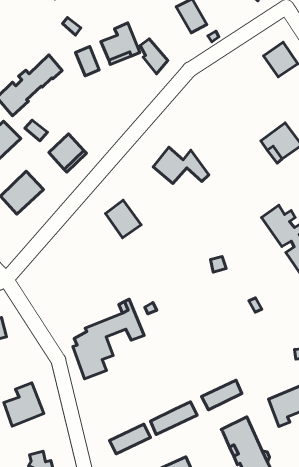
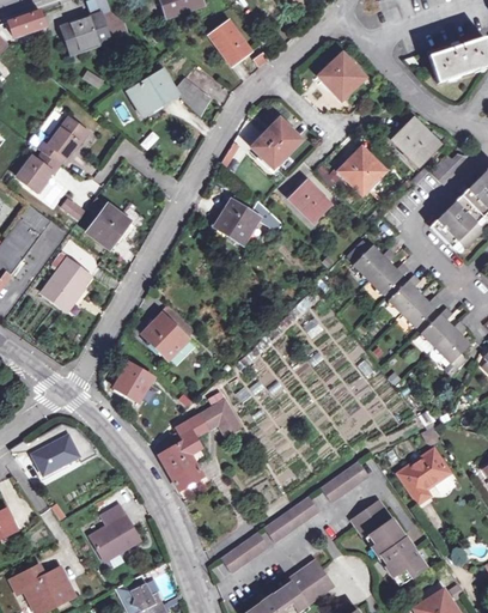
building: [76,46,99,76] -> none
building: none -> [251,119,300,168]
building: none -> [286,181,330,223]
building: [105,200,141,238] -> [144,315,188,359]
building: none -> [115,364,152,401]

